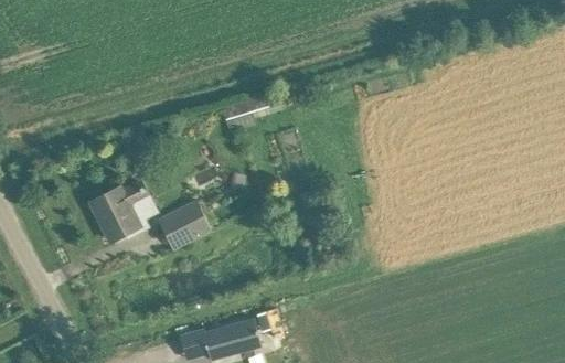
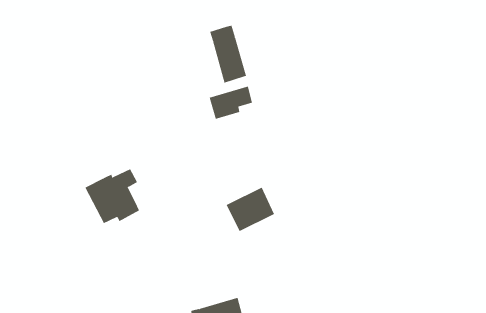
building: none -> [209,25,247,83]
building: [158,201,210,248] -> [226,187,275,232]

